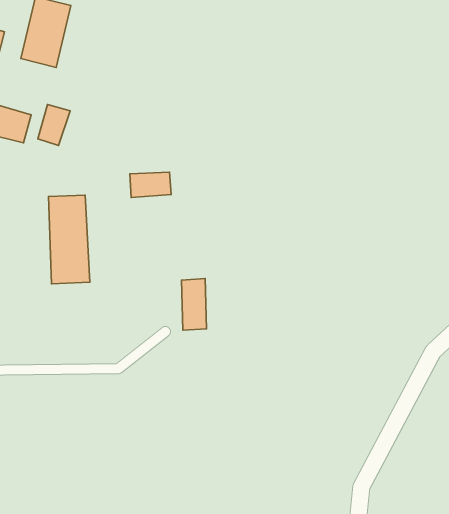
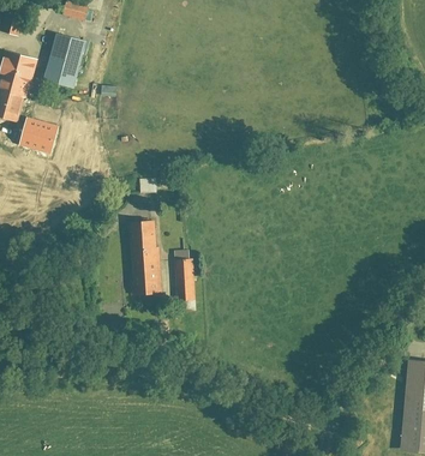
building: [38,105,70,146] -> none
building: [48,195,90,284] -> [127,223,161,295]

